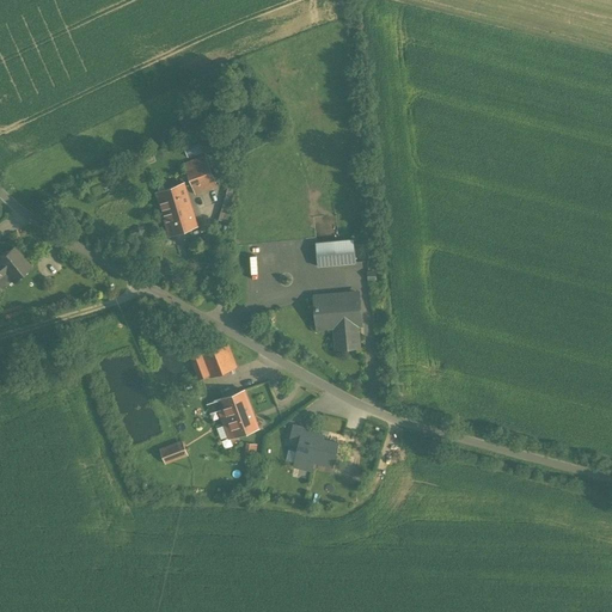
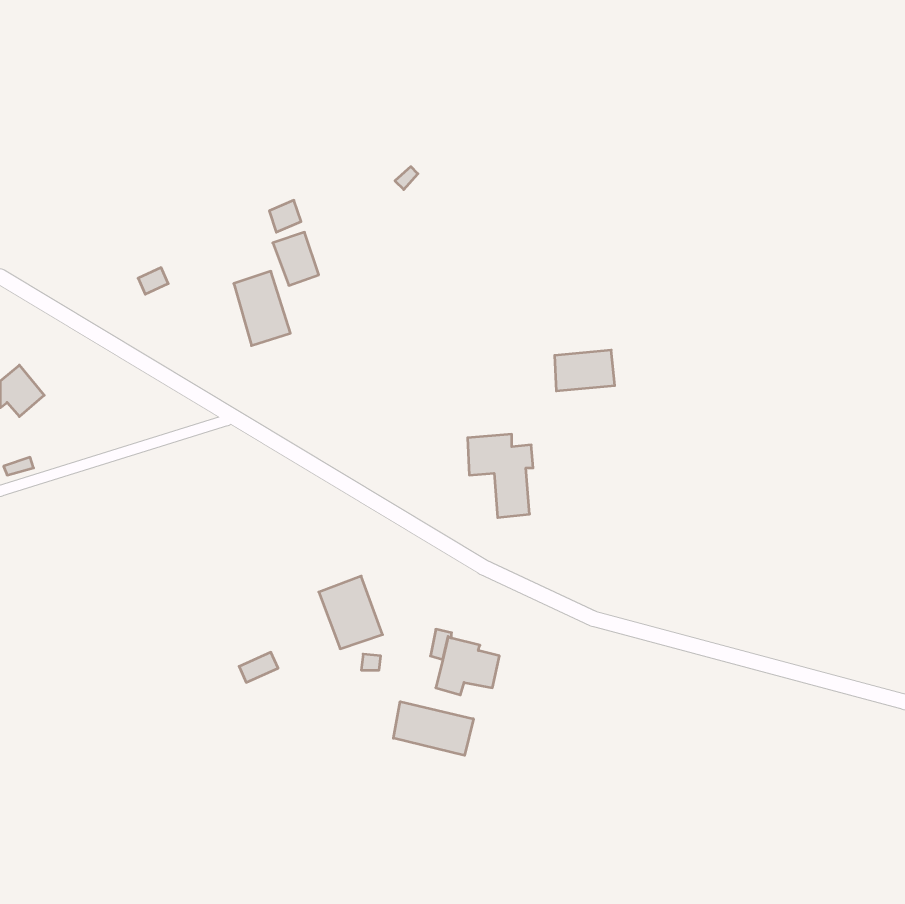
building: [316,240,356,268] -> [555,350,615,391]
building: [202,345,234,378] -> none
building: none -> [393,702,473,755]

